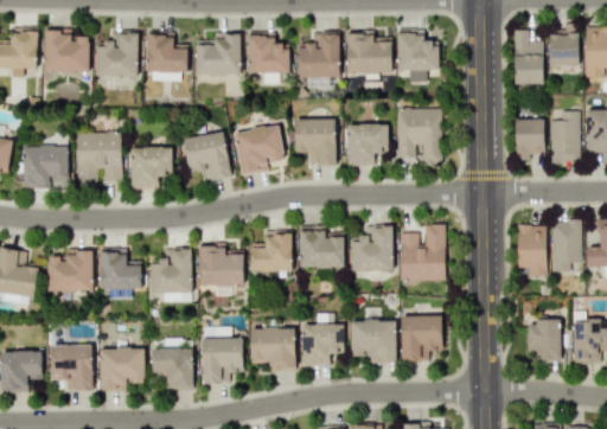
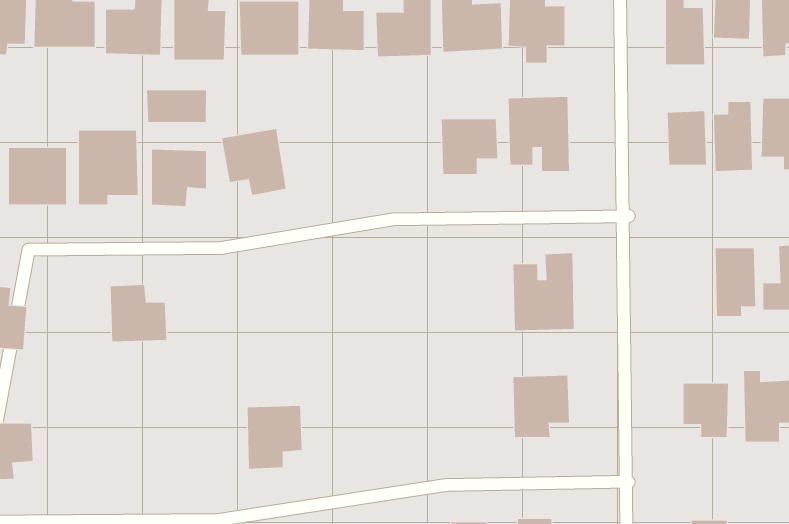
building: none -> [147,89,207,123]
building: [294,119,336,166] -> none
building: [234,124,285,174] -> none
building: [299,225,344,268] -> none
building: [516,225,547,276] -> none
building: [351,226,394,271] -> none
building: [250,231,292,271] -> none
building: [198,243,244,287] -> none
building: [151,248,192,293] -> none
building: [46,250,94,293] -> none
building: [301,313,343,366] -> none
building: [350,320,396,361] -> none
building: [250,327,295,370] -> none
building: [51,345,92,390] -> none
building: [98,347,145,391] -> none
building: [152,348,193,390] -> none

